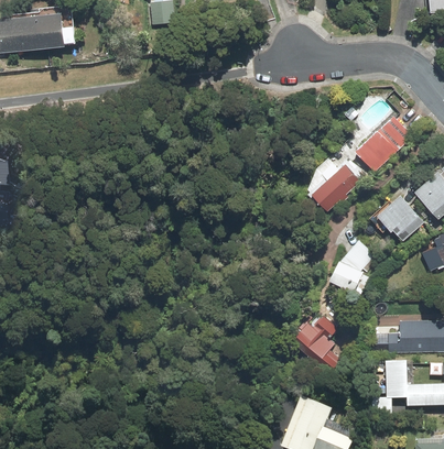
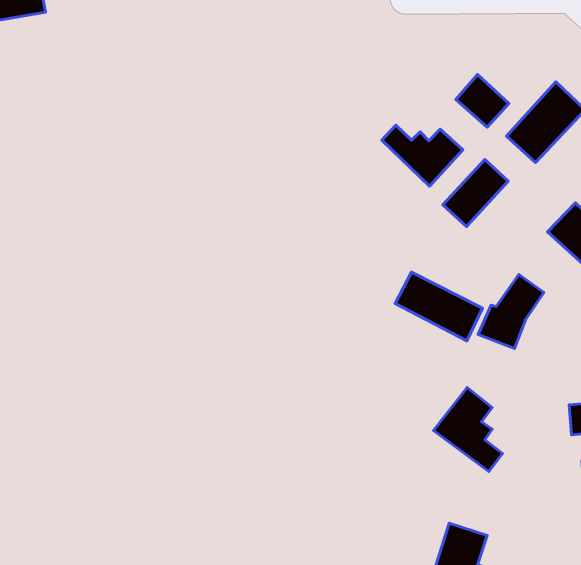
building: none -> [456,74,509,127]
building: none -> [382,125,463,186]
building: none -> [395,272,483,341]

